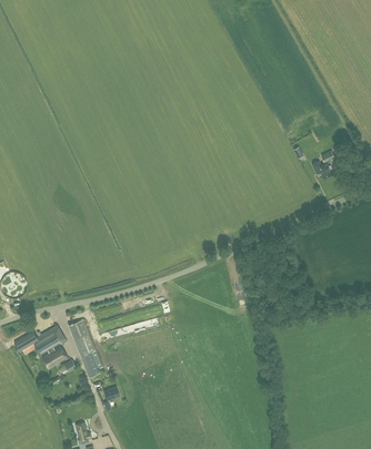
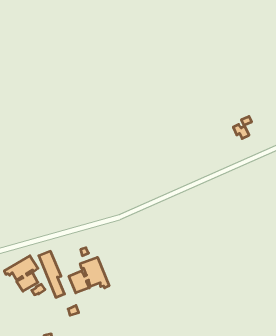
building: none -> [69,257,109,293]

